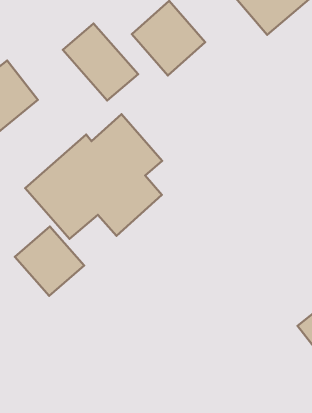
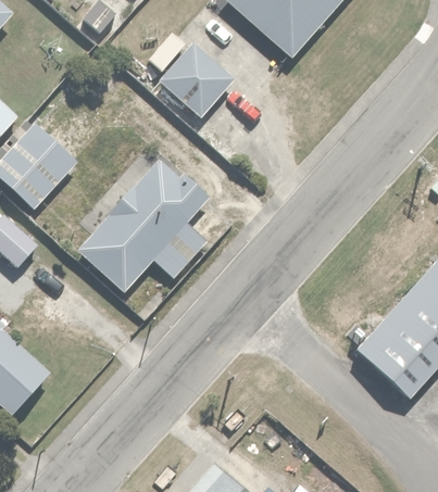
building: [63,23,138,100] -> none
building: [15,227,84,296] -> none

